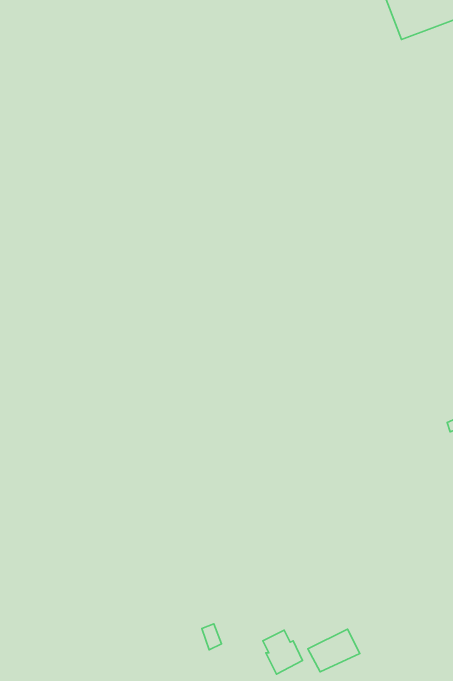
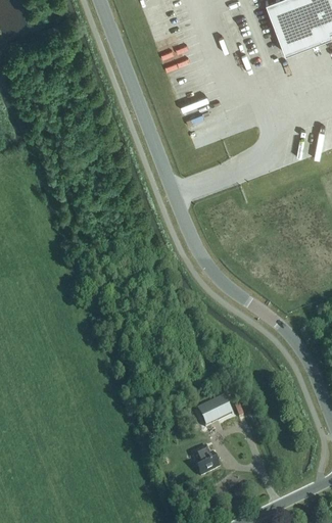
building: [308,629,360,672] -> [196,396,231,425]

